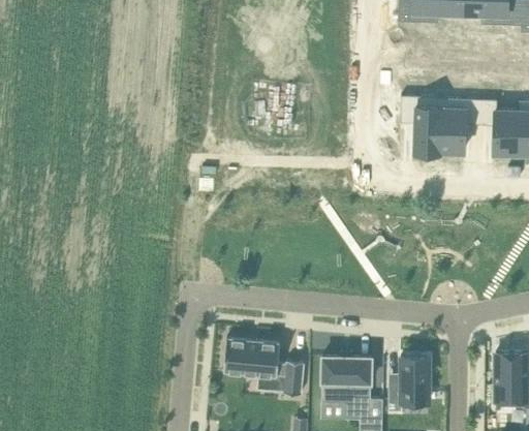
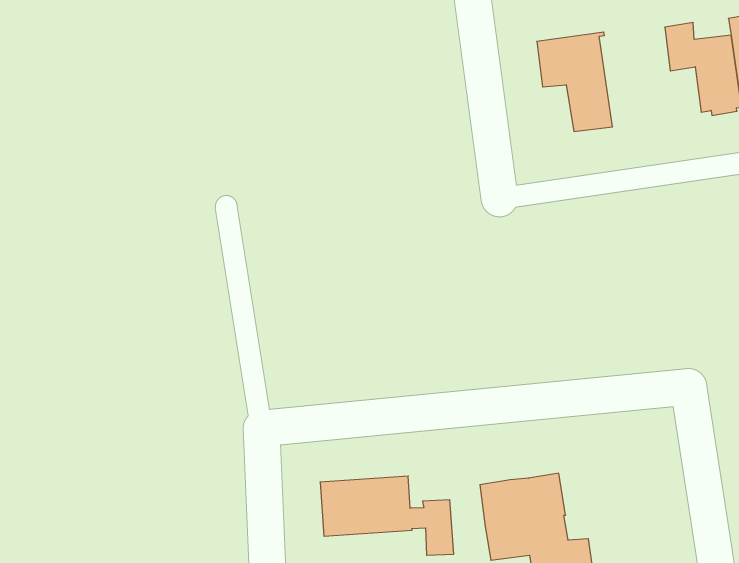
building: [438,98,479,156] -> none
building: [387,357,429,411] -> none

